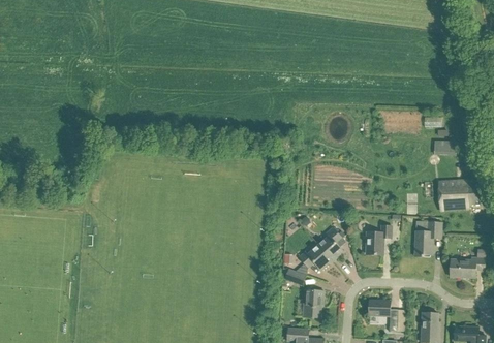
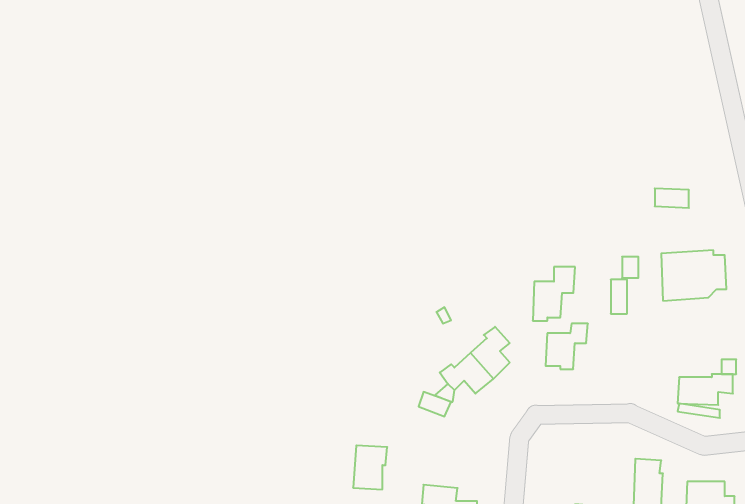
building: [413,221,440,255] -> [533,267,575,321]
building: [302,289,323,317] -> [353,445,387,489]
building: [369,300,398,330] -> none

